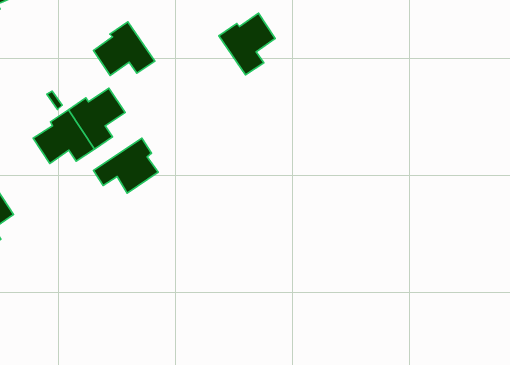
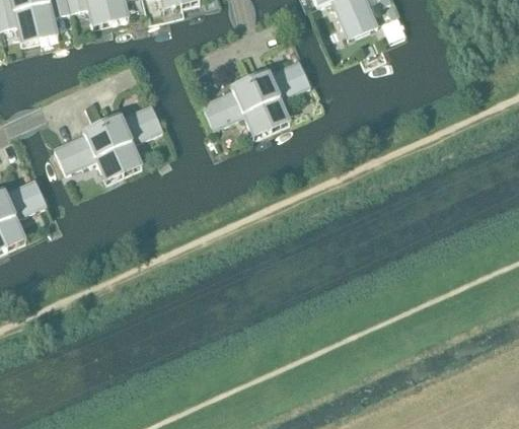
building: [93,22,155,76] -> [214,81,268,129]
building: [93,138,158,193] -> none

